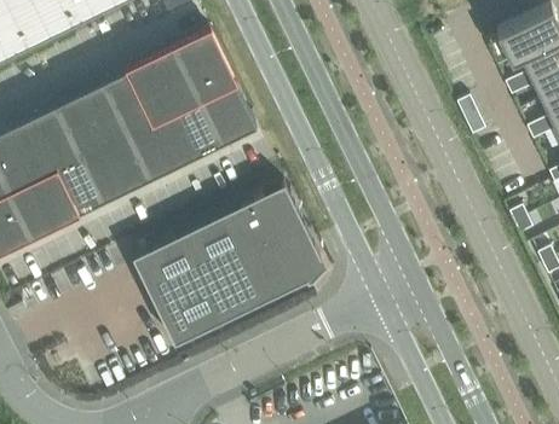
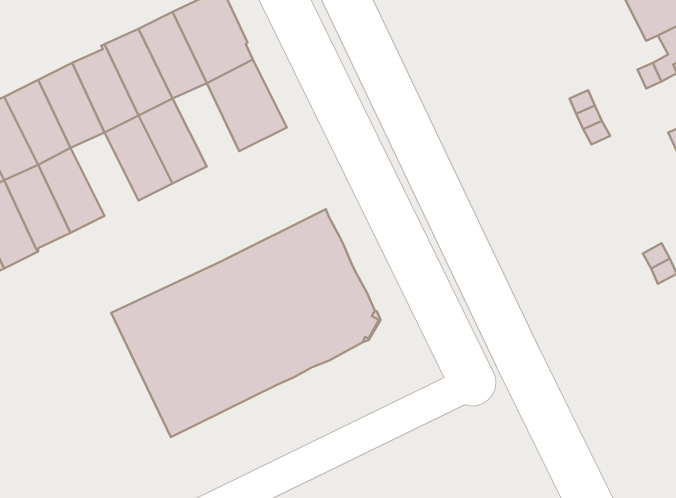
building: [175,95,223,155] -> none
building: [103,130,151,190] -> none

